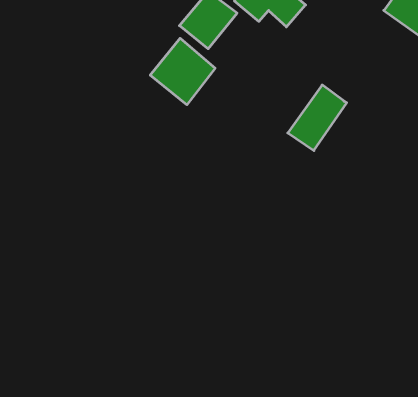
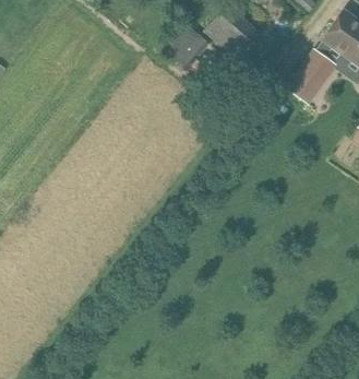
building: [150,38,215,105] -> none
building: [288,85,347,151] -> [289,50,336,103]

